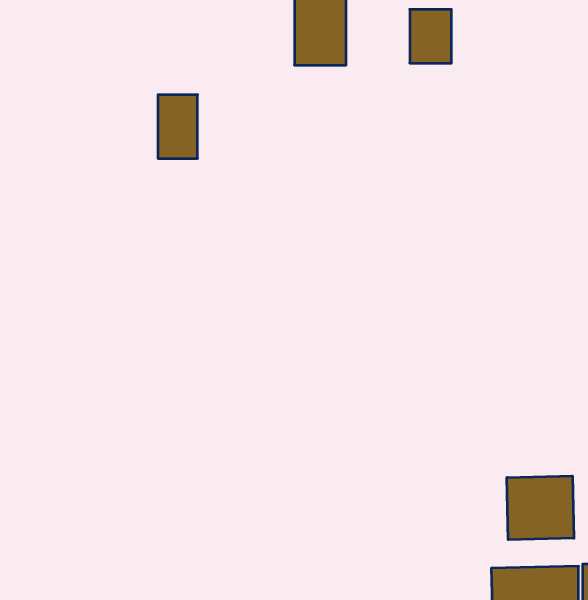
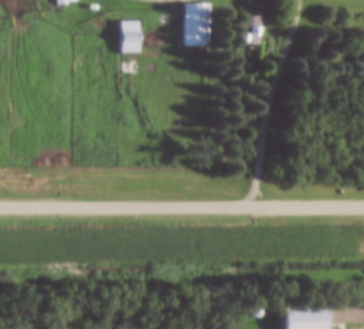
building: [158,95,198,158] -> [120,22,140,54]
building: [507,476,574,540] -> none

